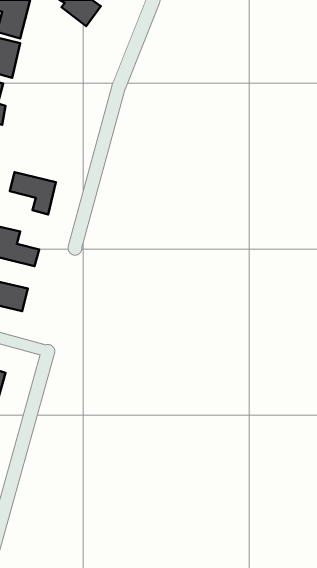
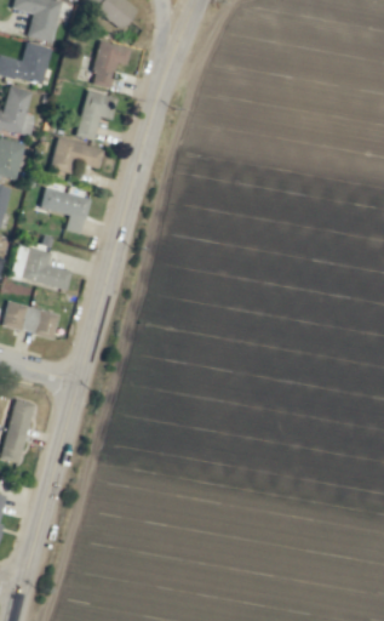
building: none -> [91,40,132,87]
building: none -> [78,90,119,139]
building: none -> [52,137,105,173]

